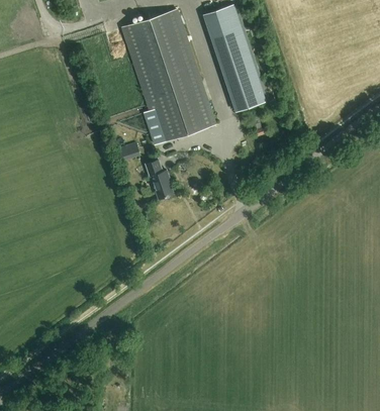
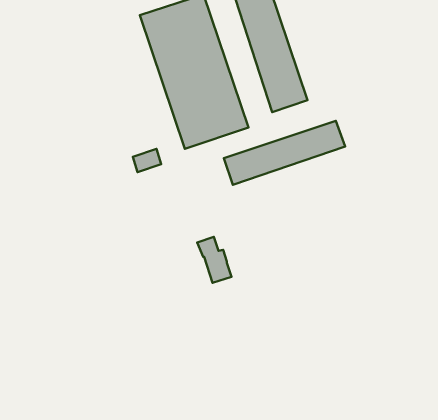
building: none -> [224,121,345,185]
building: [145,160,174,199] -> [197,237,231,283]

